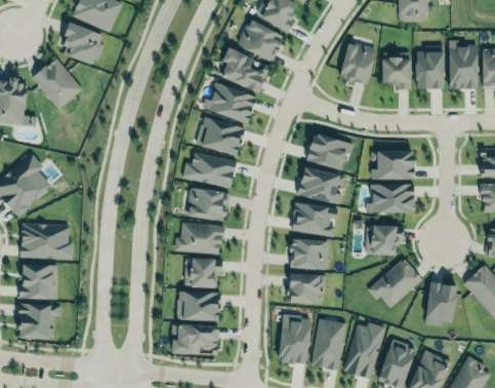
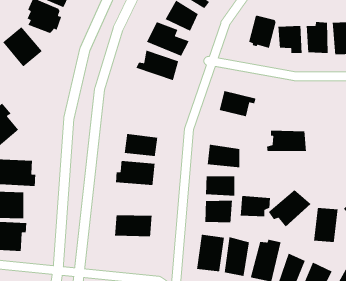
building: [194,117,246,153] -> none
building: [369,150,414,178] -> none
building: [179,153,238,190] -> none
building: [296,168,341,202] -> none
building: [364,226,403,254] -> [240,195,271,217]
building: [182,260,218,287] -> none
building: [170,323,220,354] -> none

